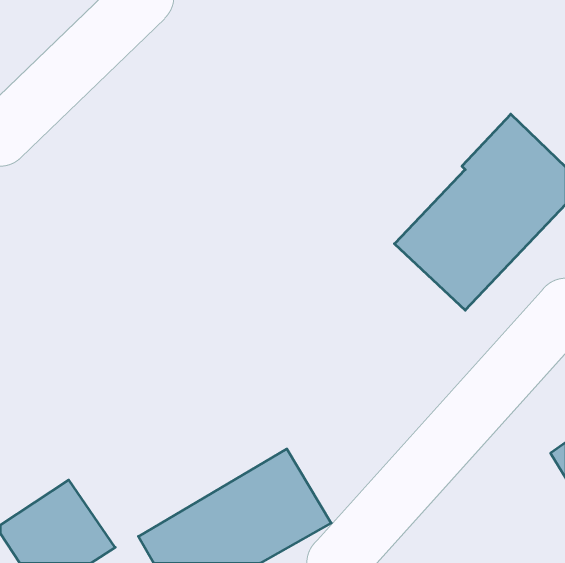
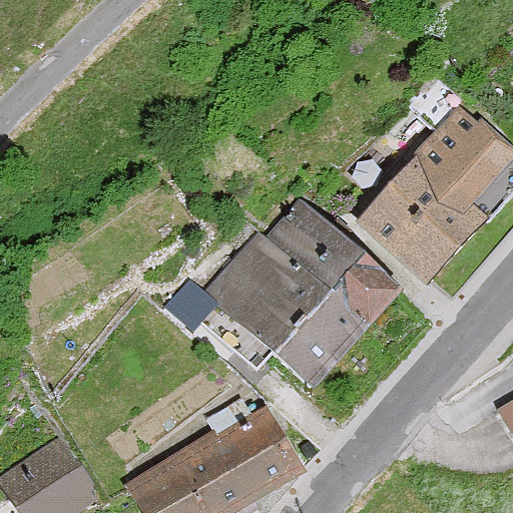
building: none -> [202,201,400,390]

